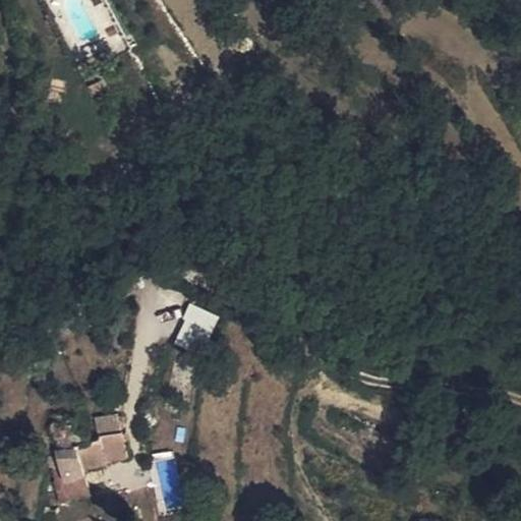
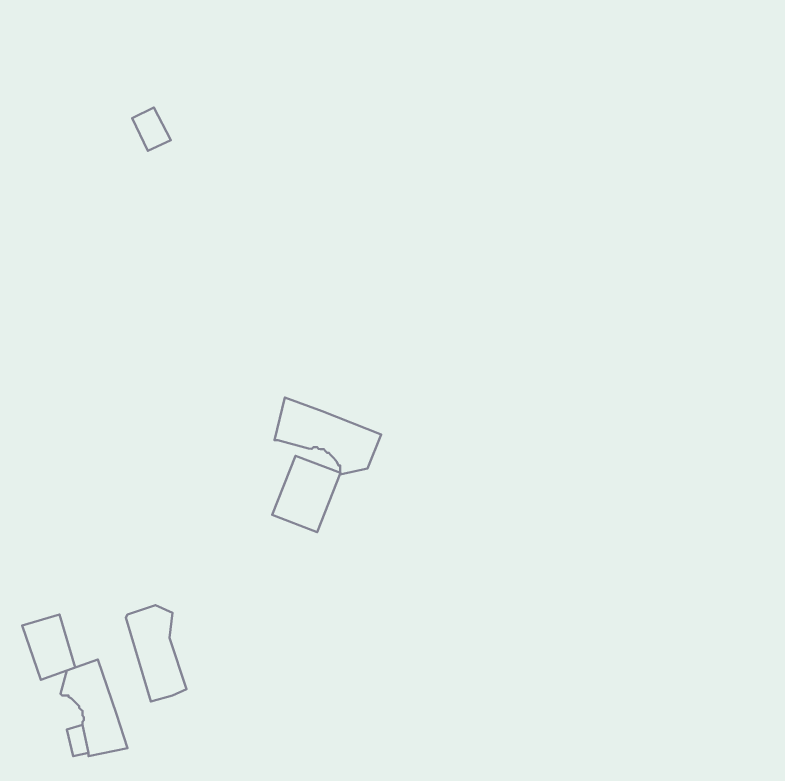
building: none -> [274,397,381,474]
building: [70,433,105,476] -> [22,615,75,680]

